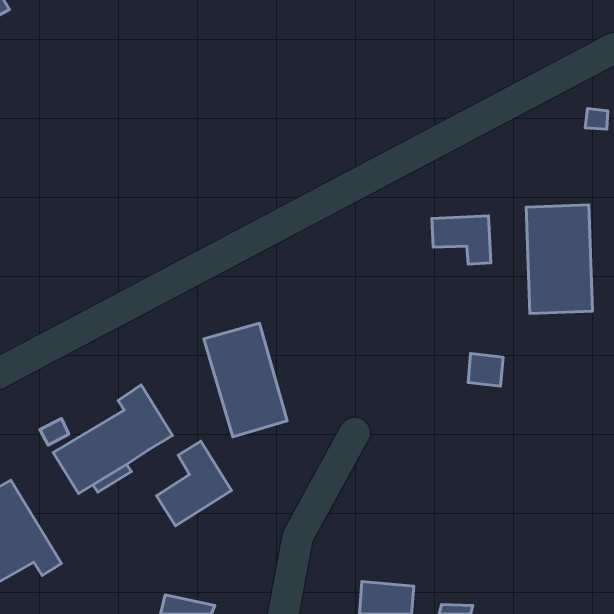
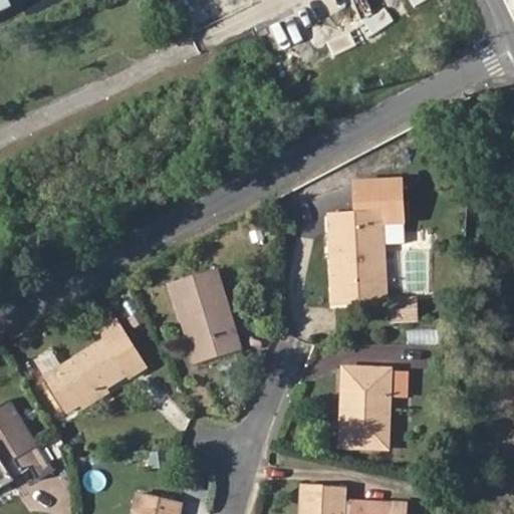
building: [526,205,593,313] -> [329,213,384,303]
building: [156,441,232,526] -> none
building: none -> [340,367,407,449]

